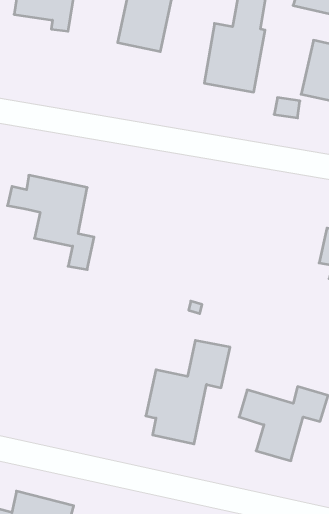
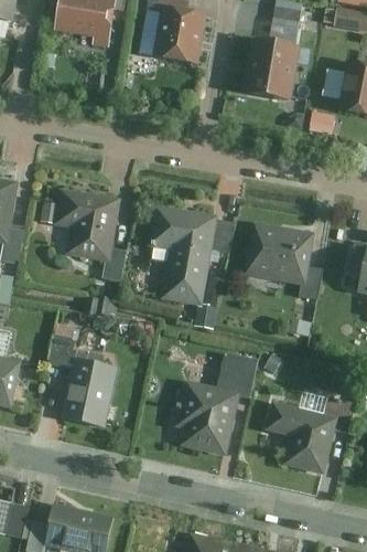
building: none -> [149,205,237,329]
building: none -> [242,223,323,298]
building: none -> [48,335,116,425]

